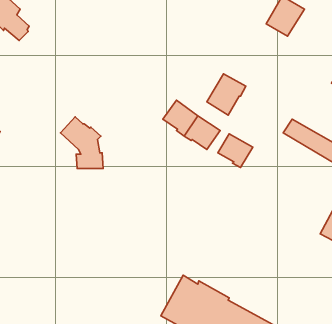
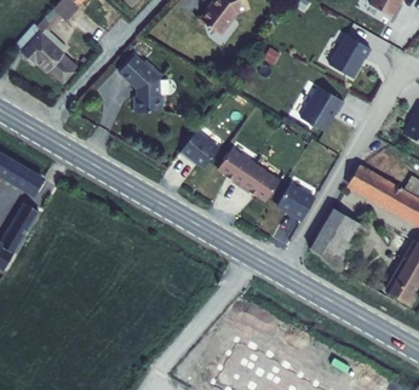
building: [207,74,246,115] -> [302,87,344,132]
building: none -> [182,130,220,166]
building: [60,117,103,169] -> [117,56,163,111]
building: none -> [311,207,365,265]

